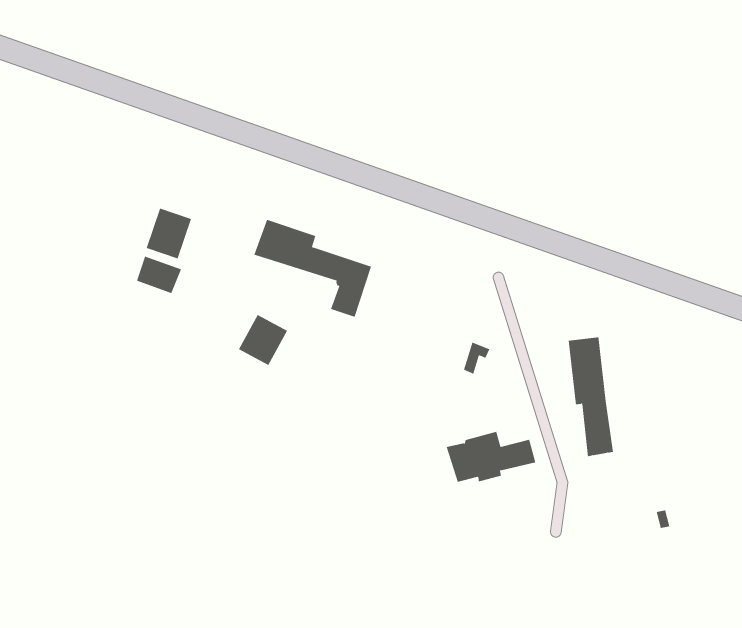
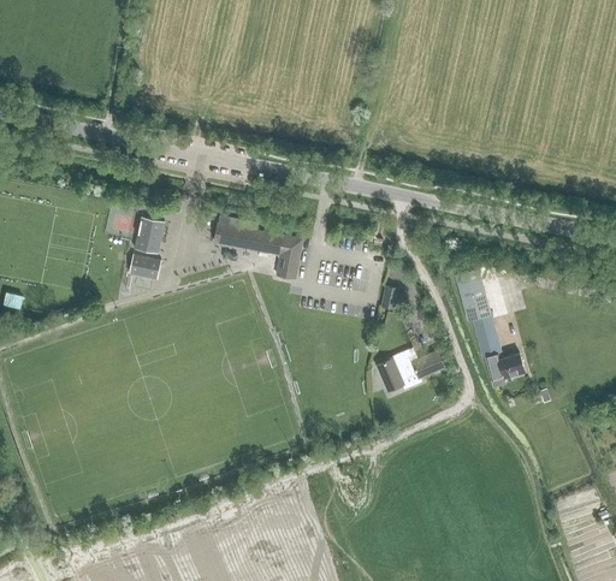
building: [238,314,288,366] -> none
building: none -> [486,354,526,387]

